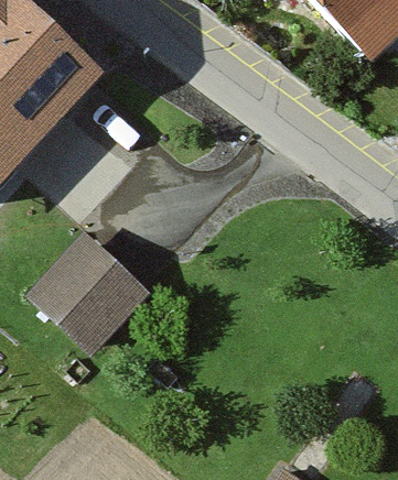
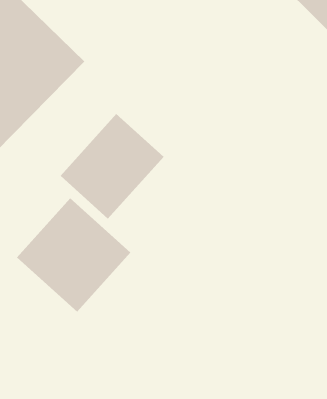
building: none -> [60,113,164,219]

